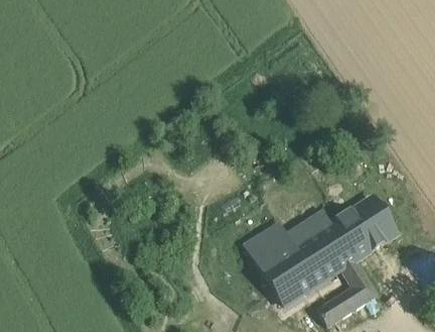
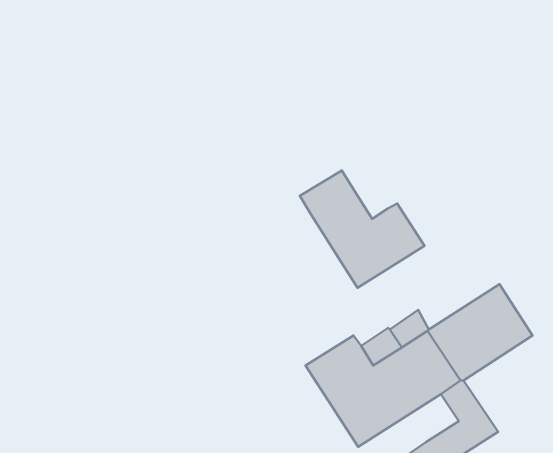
building: none -> [300,171,425,288]

